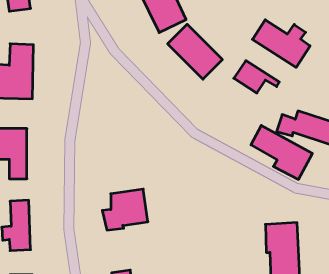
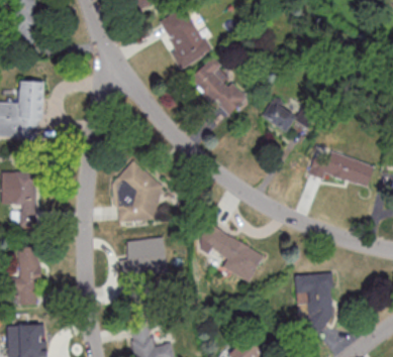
building: [252,20,310,67] -> none
building: none -> [103,162,170,227]
building: [251,125,312,179] -> [197,223,264,281]

